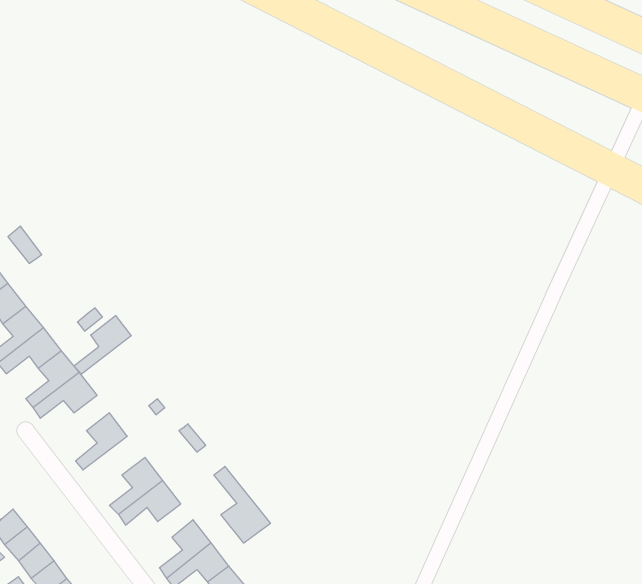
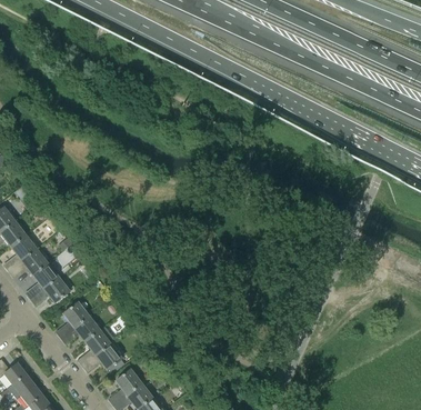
building: [74,316,131,374] -> none
building: none -> [61,317,100,344]
building: [214,466,270,543] -> none

